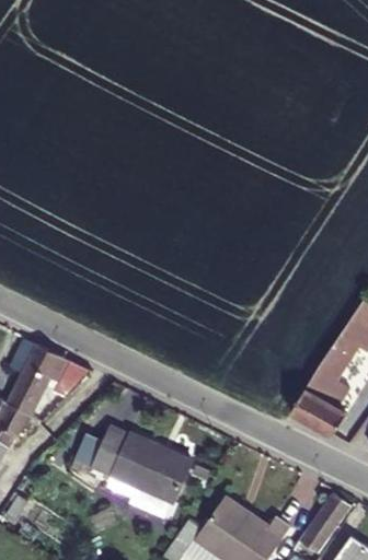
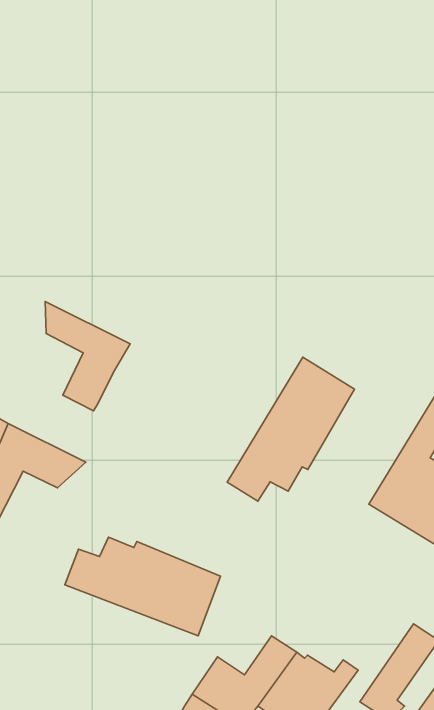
building: none -> [45,301,130,411]
building: none -> [227,357,354,501]

